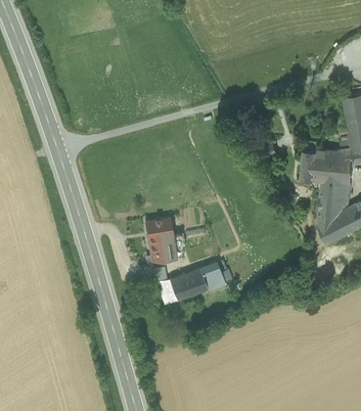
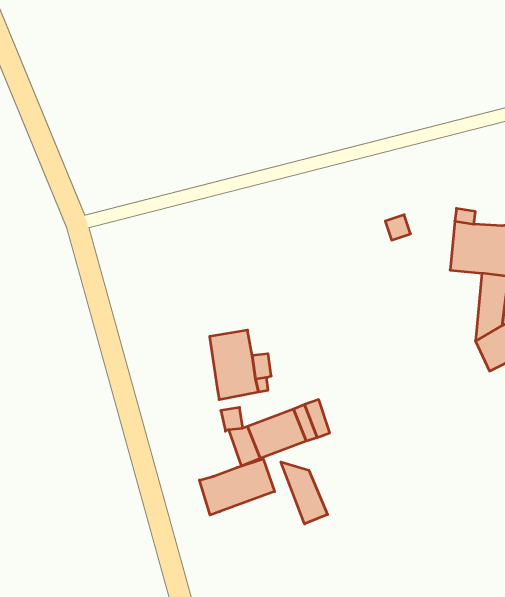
building: none -> [199,459,275,515]
building: none -> [281,462,328,524]

